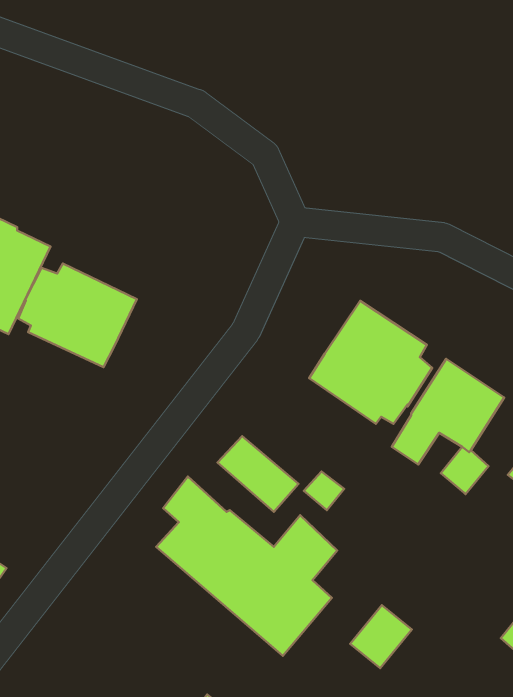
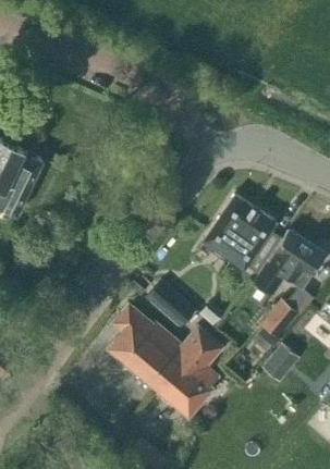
building: [18,263,137,367] -> none
building: none -> [259,298,298,338]
building: [350,605,412,668] -> [260,343,298,382]

